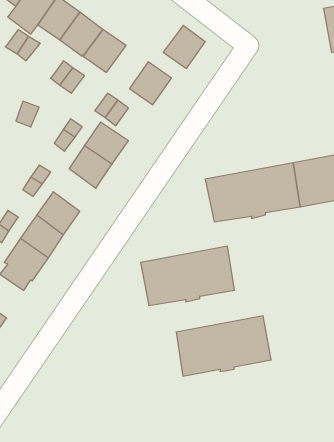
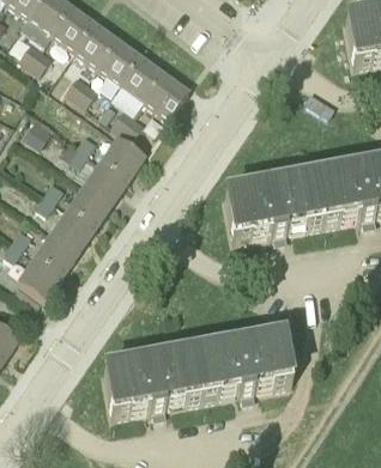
building: [163,25,205,68] -> [123,50,167,95]
building: none -> [68,177,113,221]
building: [141,246,235,305] -> [105,346,202,407]

